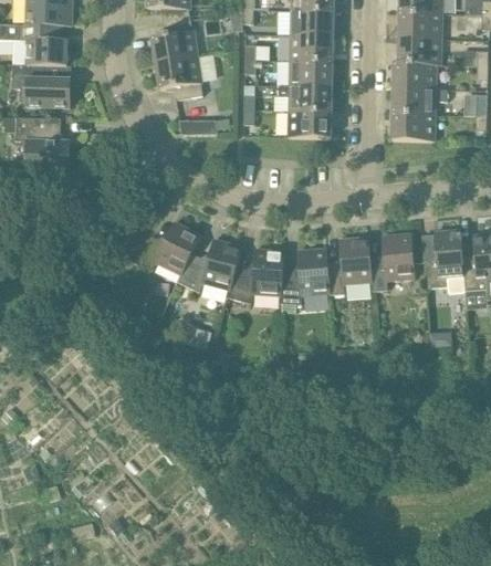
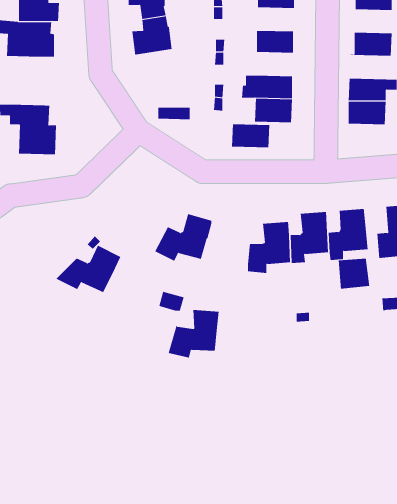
building: [290,9,333,35] -> none
building: [398,11,441,38] -> none
building: [155,55,202,98] -> none
building: [289,59,332,85] -> [231,124,270,148]
building: [393,62,440,88] -> none
building: [12,63,70,106] -> none
building: [127,220,200,273] -> [56,245,121,293]
building: [227,248,284,302] -> [168,309,220,358]
building: none -> [338,258,370,290]

